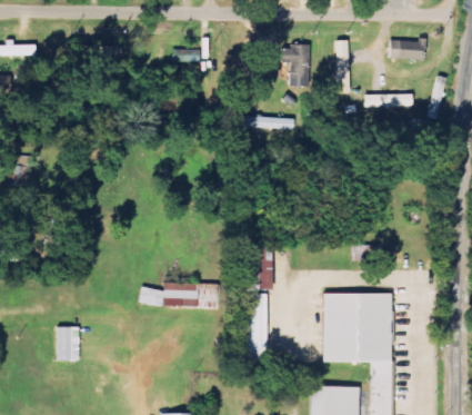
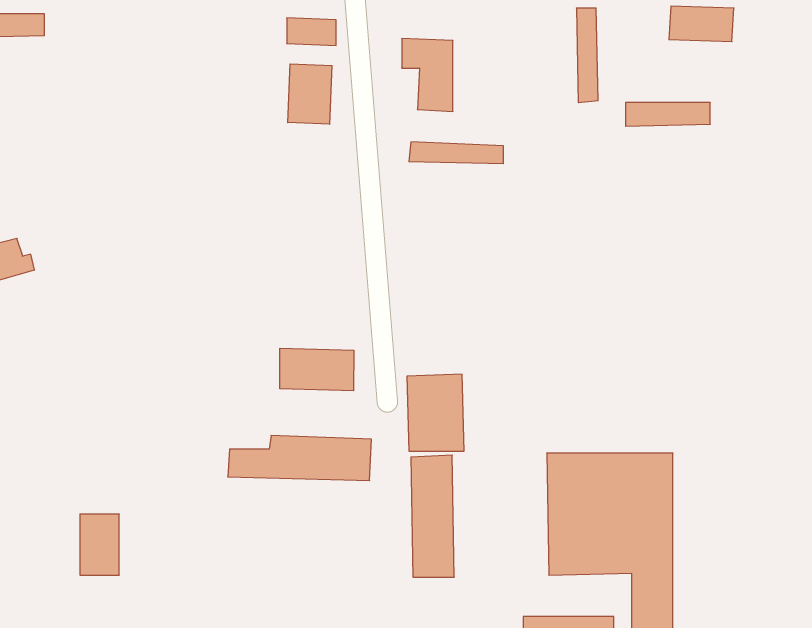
building: [281,46,310,87] -> [402,39,453,111]
building: none -> [288,64,332,124]
building: none -> [280,348,354,391]

